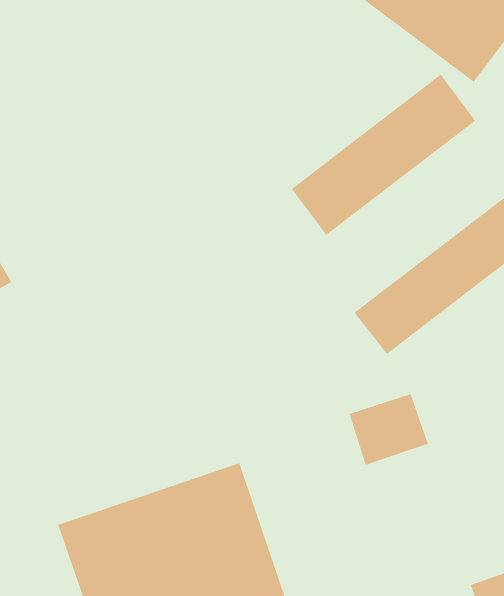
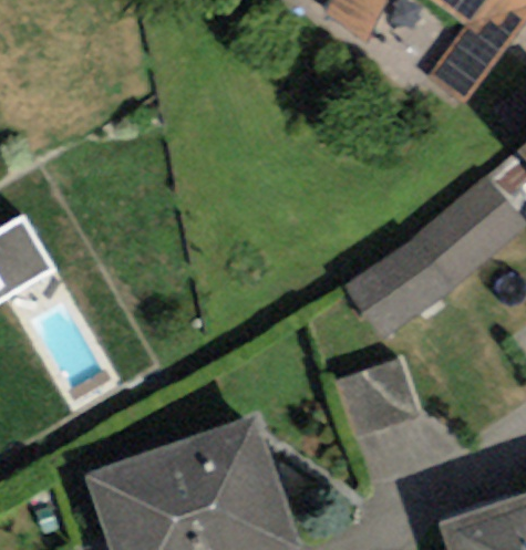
building: [291,74,476,236] -> none

